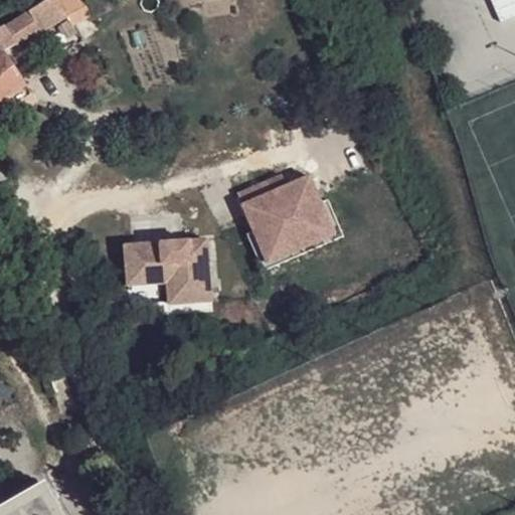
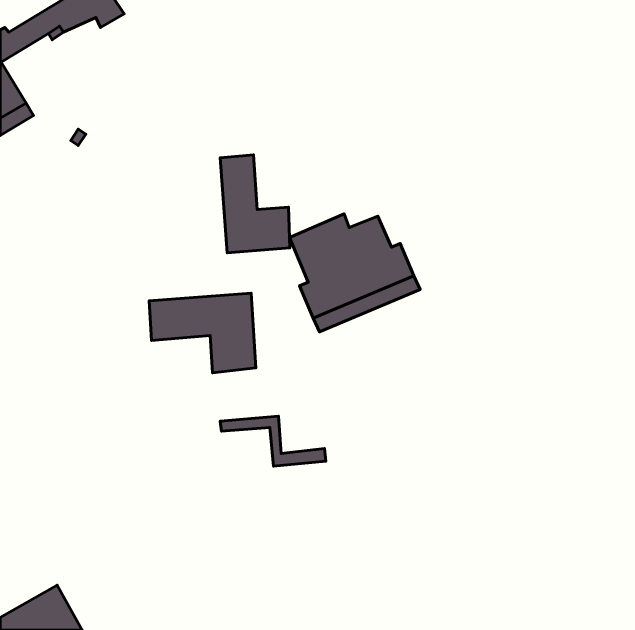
building: none -> [220,155,290,253]
building: [123,272,208,312] -> [220,416,326,466]

